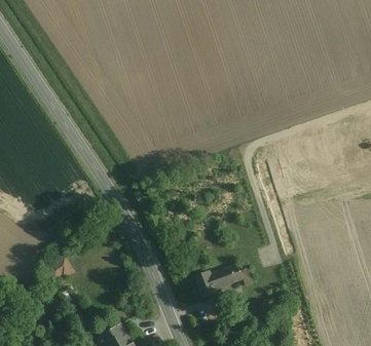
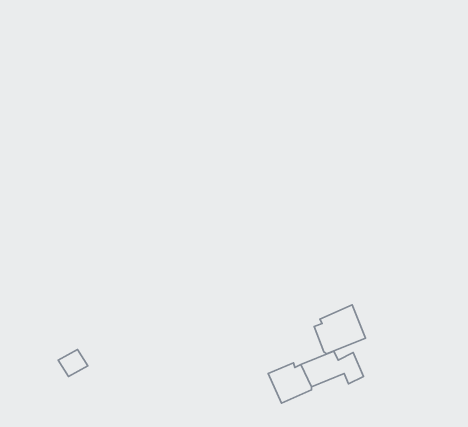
building: none -> [314,305,366,354]

